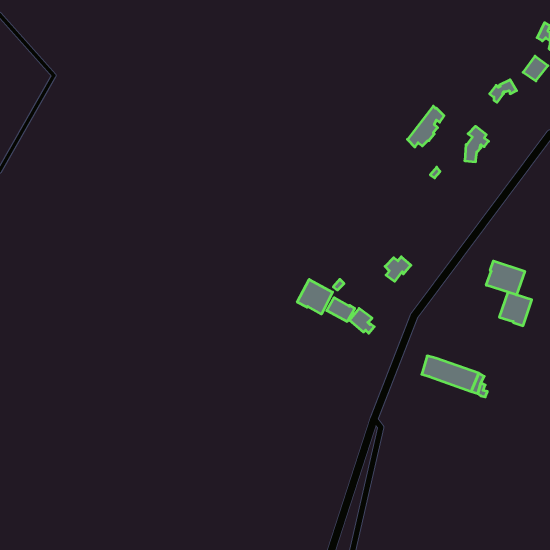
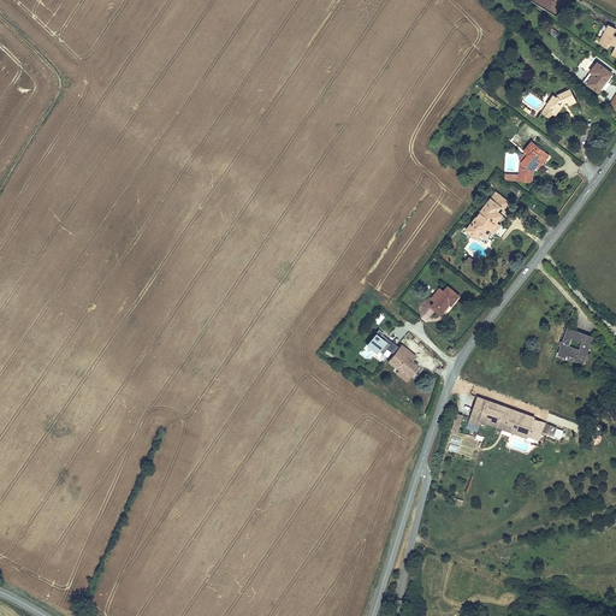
building: [407,106,444,147] -> [467,192,508,238]
building: [486,261,525,295] -> none
building: [297,279,333,314] -> none

